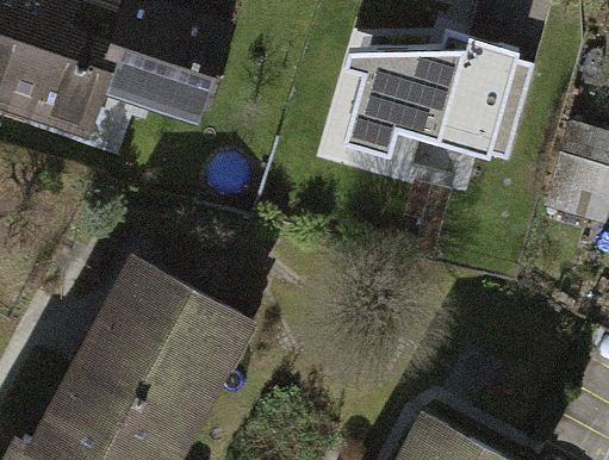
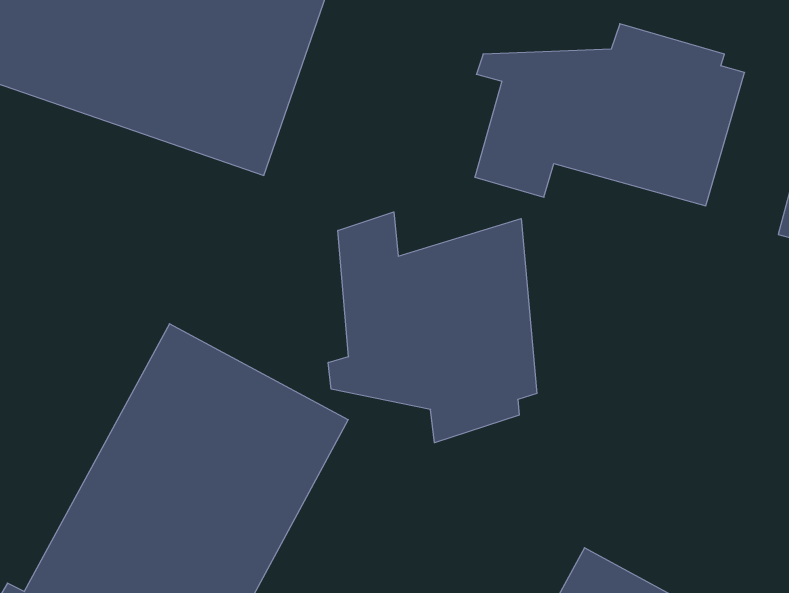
building: none -> [328,212,537,443]

